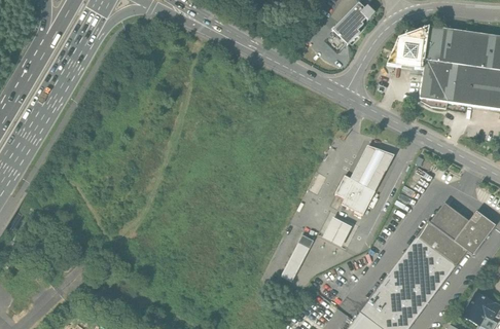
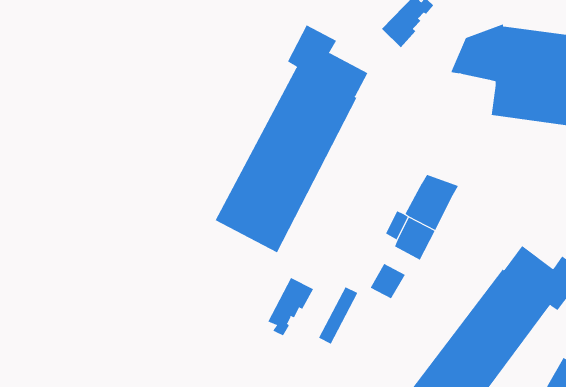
building: none -> [215,24,368,253]
building: none -> [267,277,314,336]

